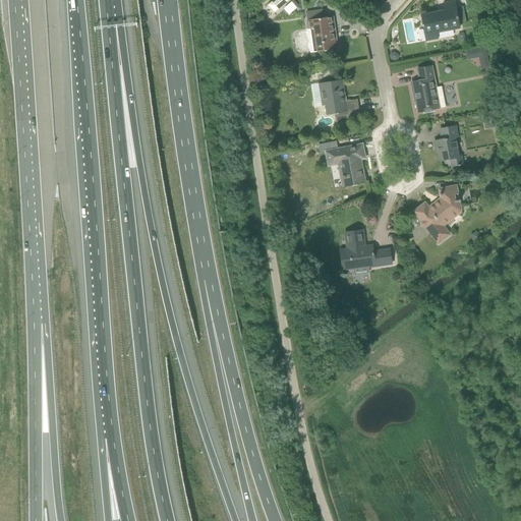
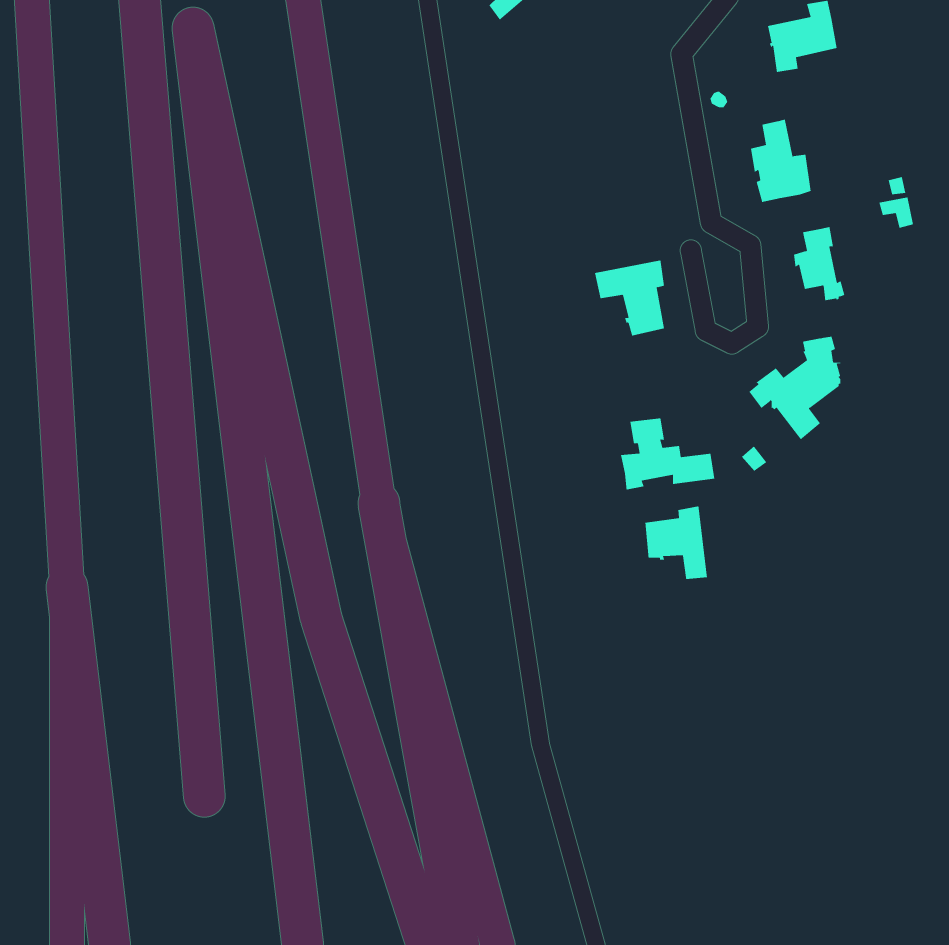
building: [306,8,337,51] -> none
building: [319,80,360,124] -> none
building: none -> [645,506,708,580]

